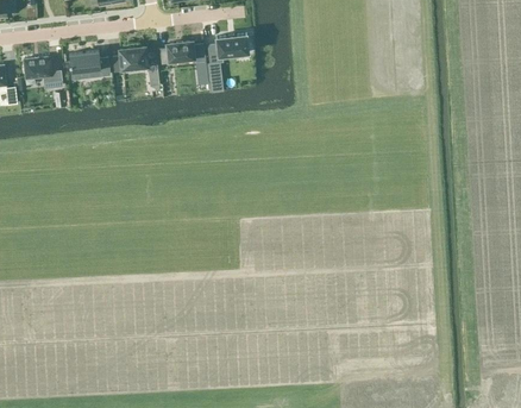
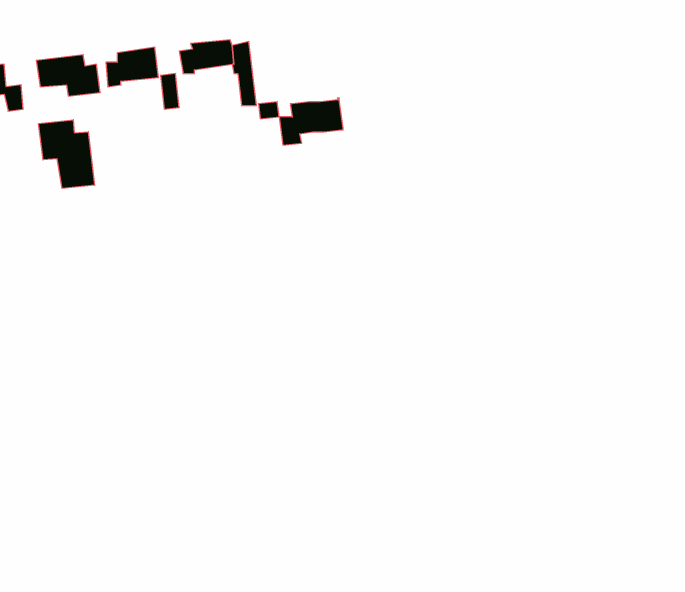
building: [208,33,249,63] -> [279,98,343,145]
building: none -> [39,120,95,188]

